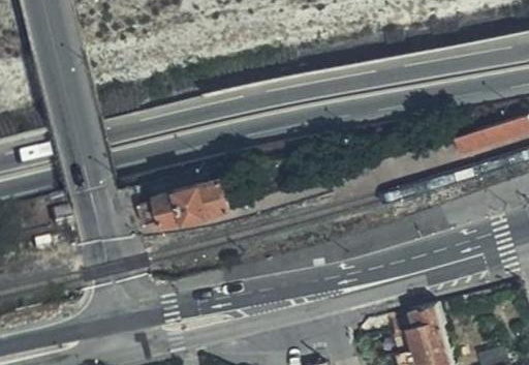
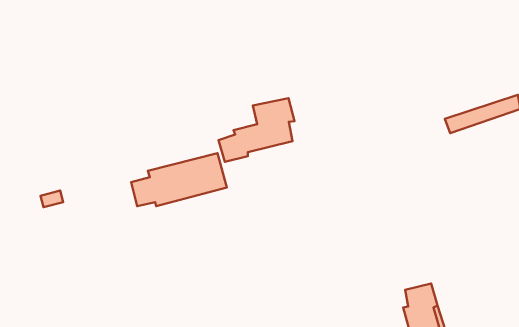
building: none -> [218,98,294,162]

